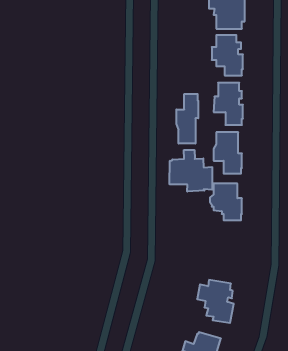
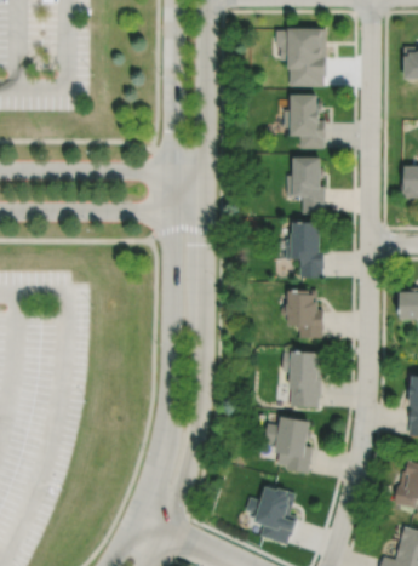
building: [176,94,198,144] -> none
building: [170,150,212,192] -> none
building: none -> [281,351,321,407]

